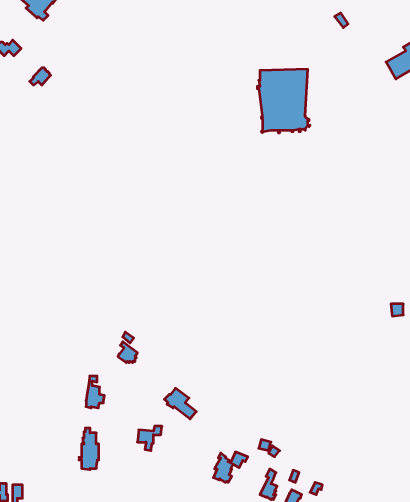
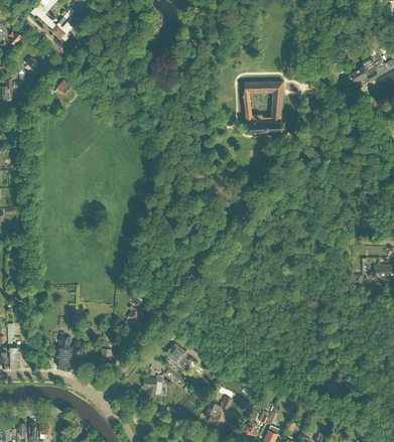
building: [79,428,99,470] -> [55,333,72,367]

